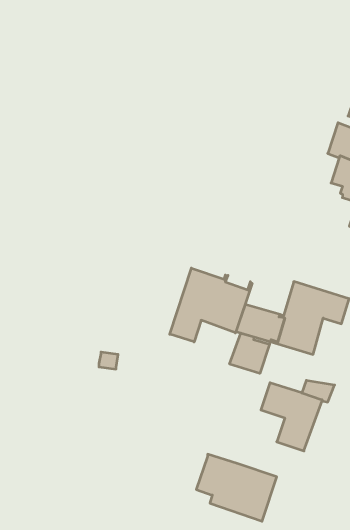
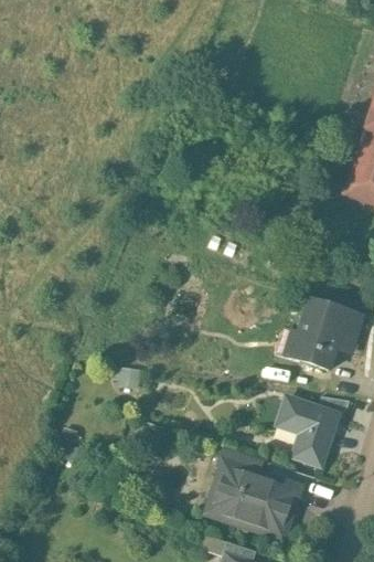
building: [170,268,252,342] -> none
building: [230,333,270,373] -> none
building: none -> [216,446,260,476]

